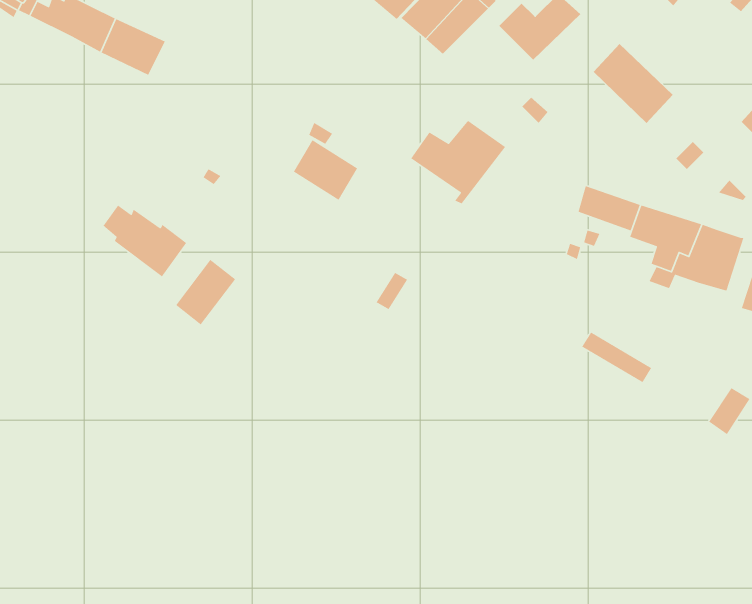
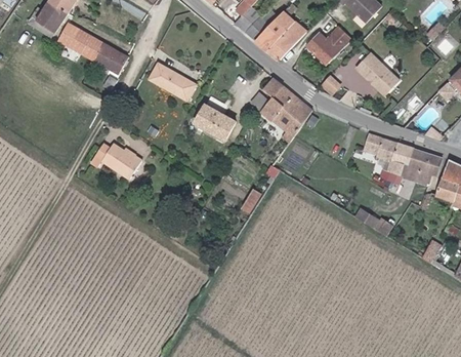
building: none -> [149,62,196,98]
building: none -> [260,79,291,107]
building: [175,259,236,325] -> none

